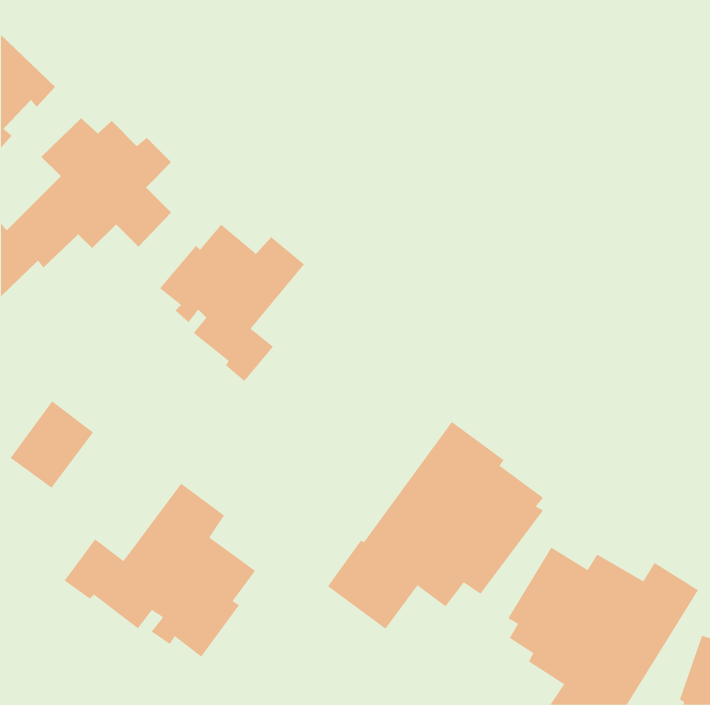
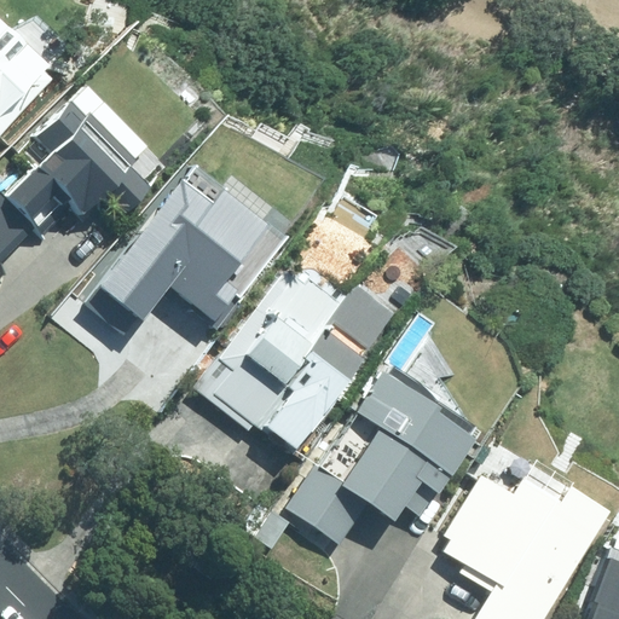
building: none -> [196,272,395,452]
building: [10,400,94,489] -> [87,255,160,331]
building: [64,483,256,657] -> none

